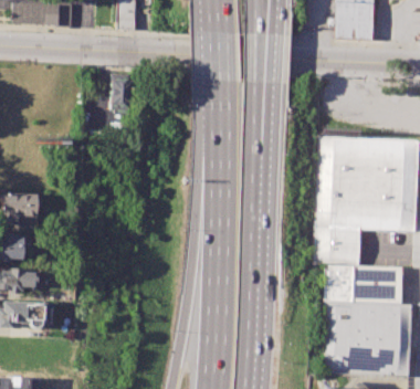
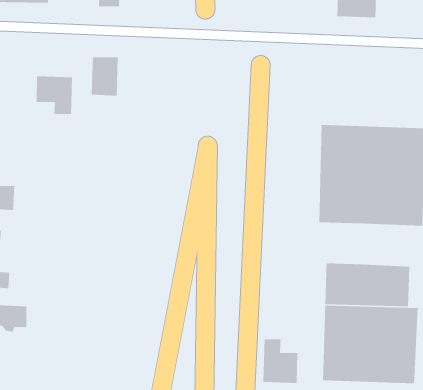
building: none -> [36,76,73,115]
building: [318,228,360,265] -> none
building: none -> [262,339,298,384]

